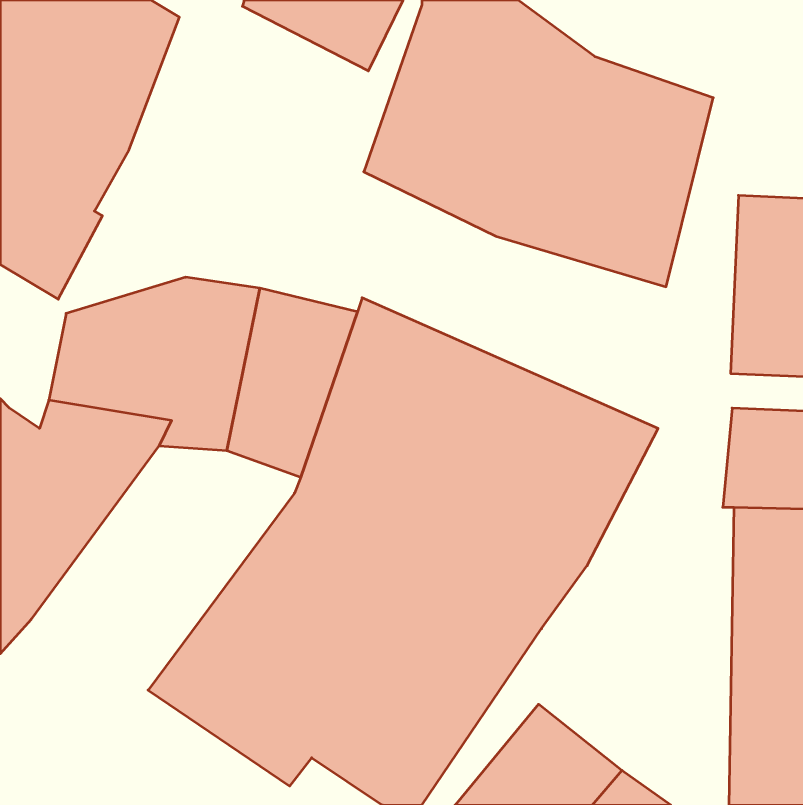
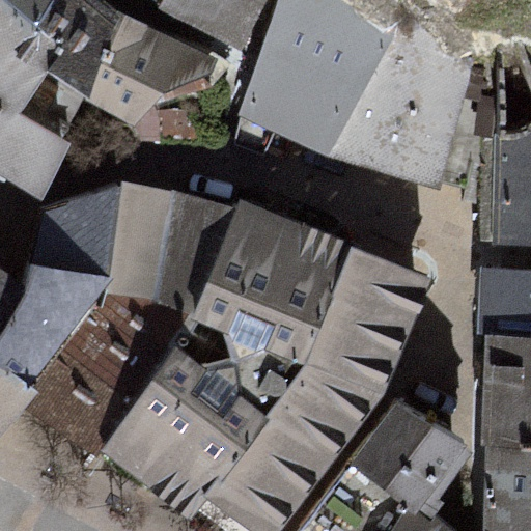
building: none -> [86,11,218,139]
building: none -> [22,294,199,454]
building: none -> [356,403,472,514]

